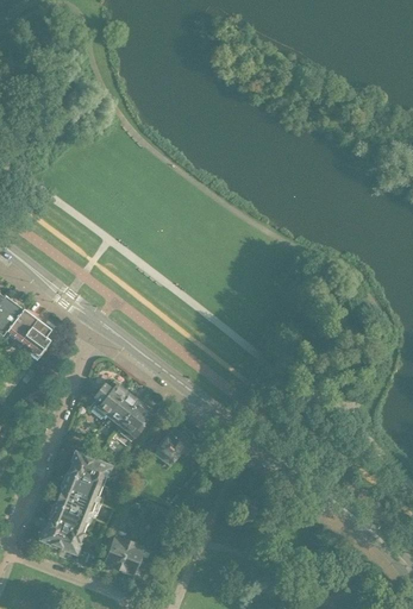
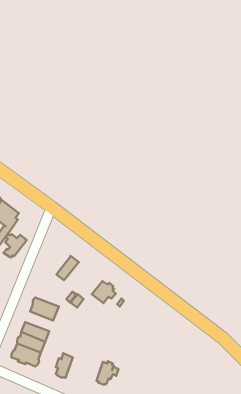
building: [92,384,125,417] -> [4,234,27,257]
building: [118,402,149,441] -> none
building: [60,473,100,502] -> none
building: [118,541,150,576] -> [96,361,119,385]

